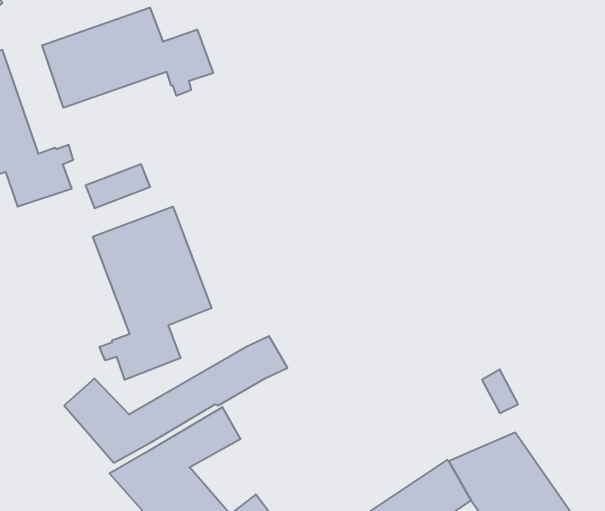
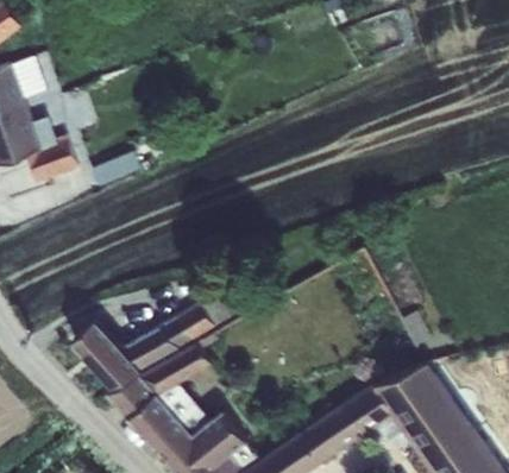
building: [42,8,213,108] -> none
building: [93,207,211,380] -> none

